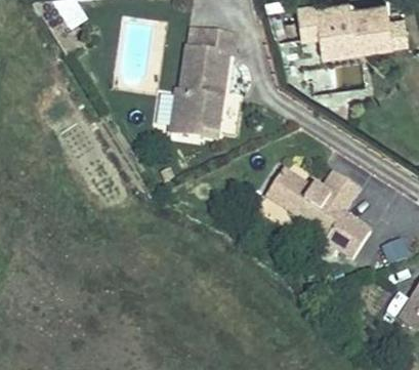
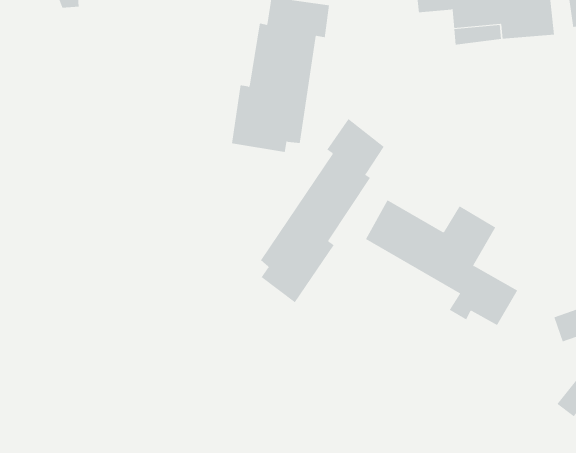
building: none -> [260,118,385,303]

